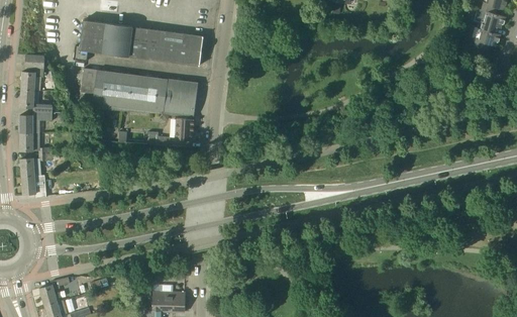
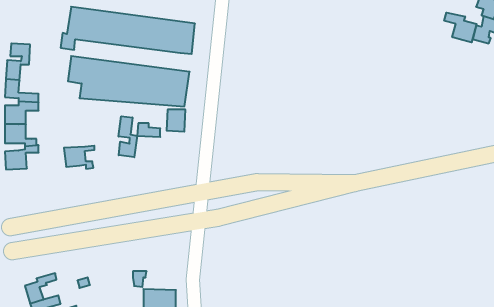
building: none -> [444,13,477,42]
building: none -> [119,116,137,157]
building: [21,175,50,197] -> [64,146,94,169]

